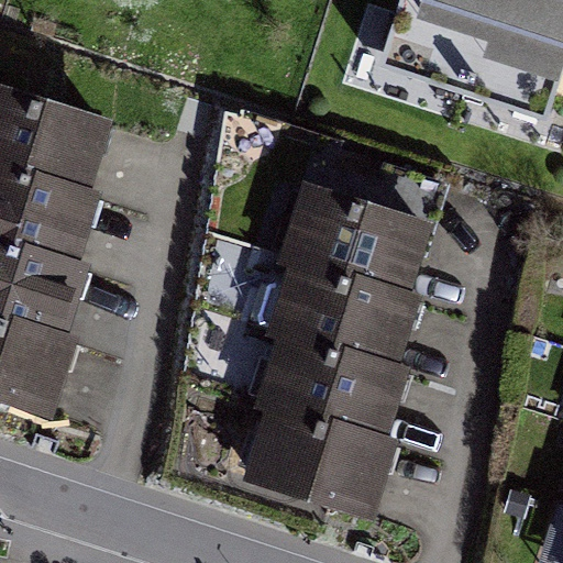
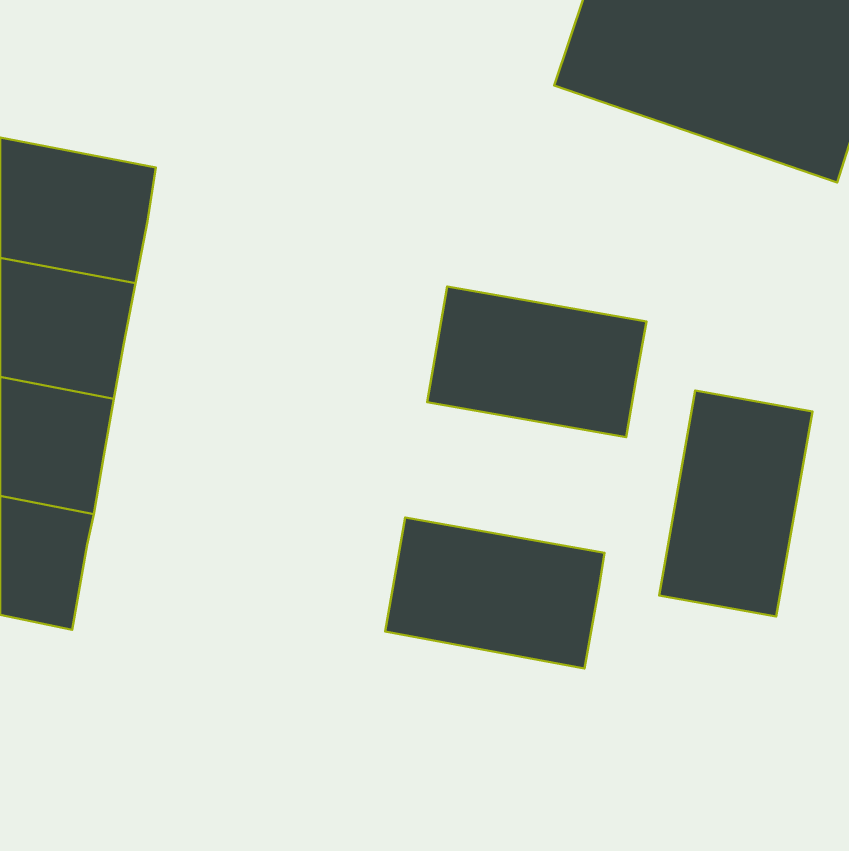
building: none -> [659,391,812,616]
building: [271,264,416,363] -> none
building: [244,415,388,514] -> none

